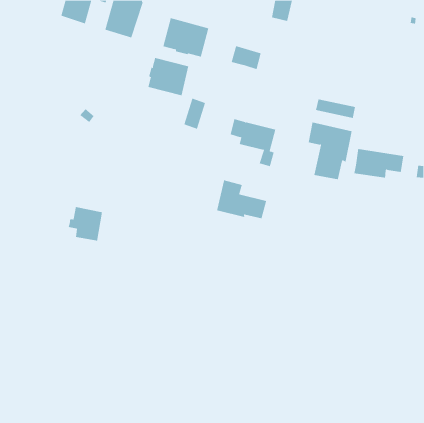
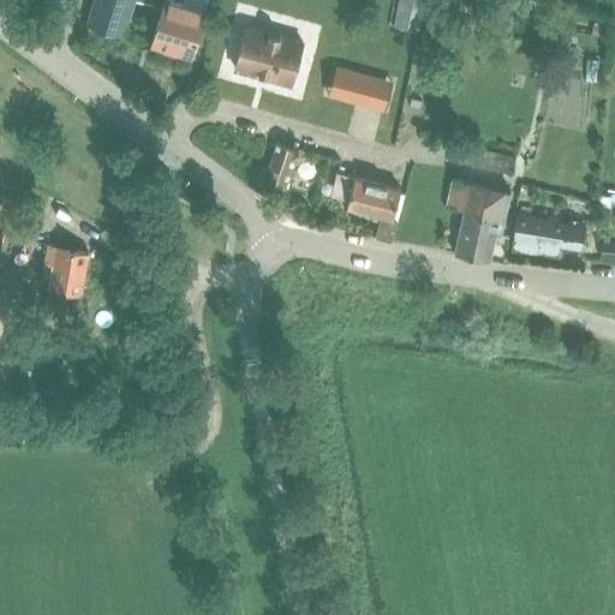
building: [148,57,189,96] -> none
building: [216,180,267,219] -> none
building: [68,206,103,241] -> [38,244,89,294]

